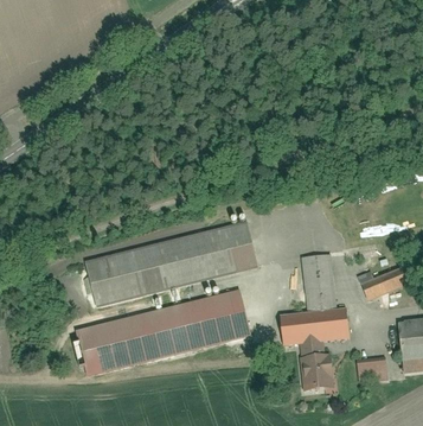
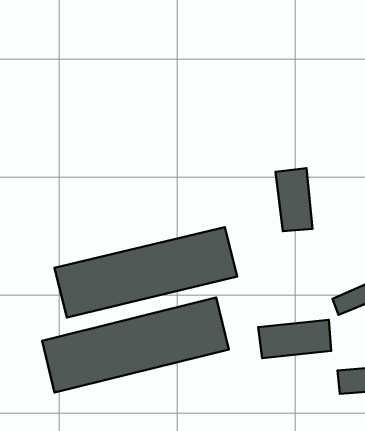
building: [301,250,337,311] -> [276,168,313,231]
building: [300,341,333,390] -> none

